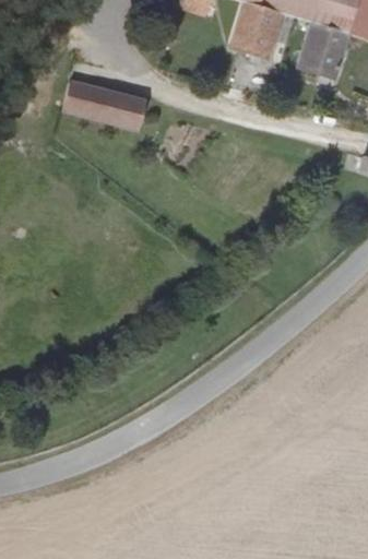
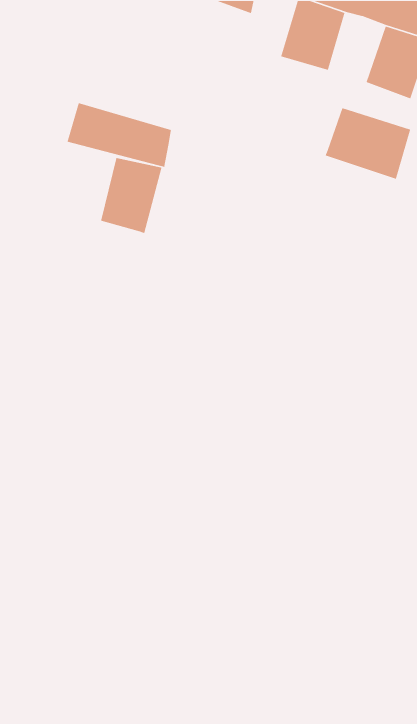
building: none -> [324,107,411,180]
building: none -> [100,157,162,234]

